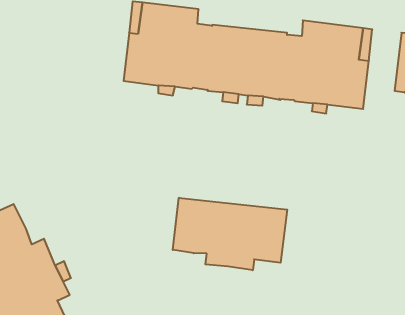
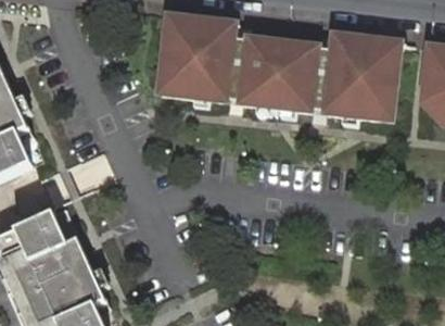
building: [173,198,287,270] -> none

